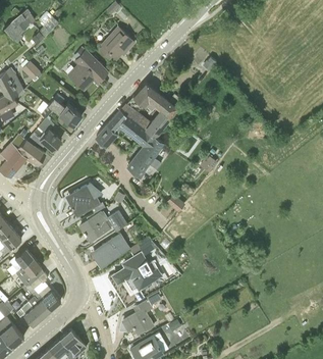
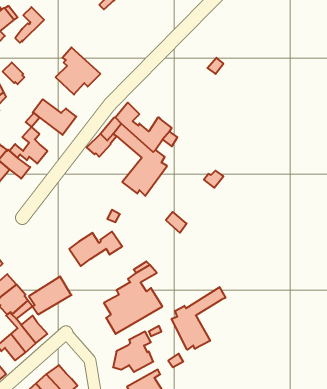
building: [99,27,134,60] -> none
building: [132,83,181,119] -> none
building: [68,185,103,216] -> none
building: [94,234,131,267] -> [29,276,72,314]
building: none -> [172,287,225,350]

